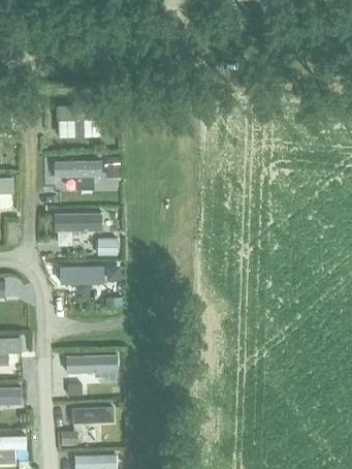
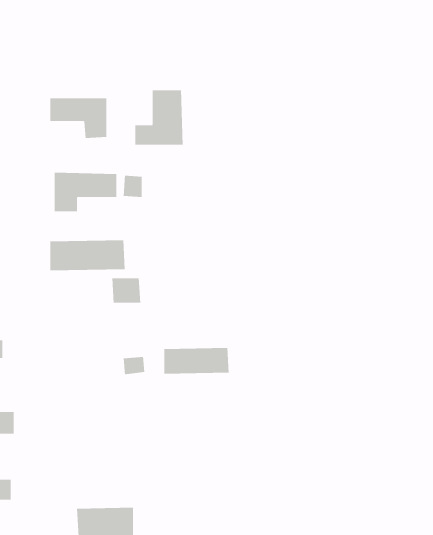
building: none -> [135,89,183,146]
building: [63,263,102,283] -> none
building: [69,355,118,375] -> [164,348,230,374]

